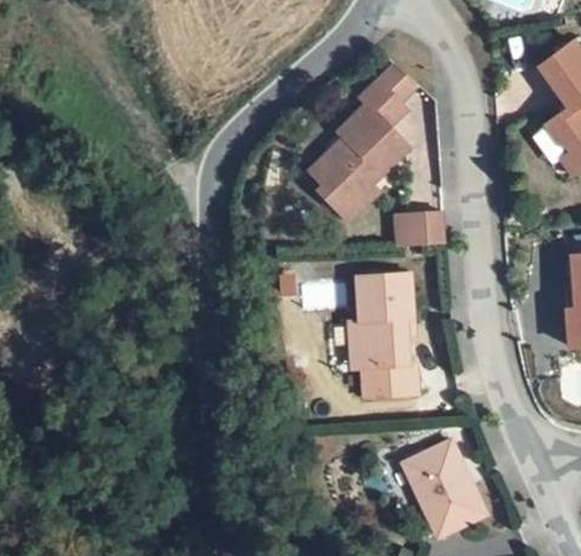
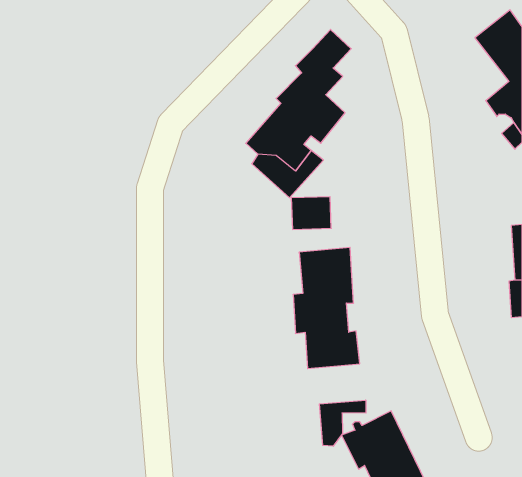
building: [401,211,440,243] -> [291,197,331,229]
building: none -> [319,400,366,446]

